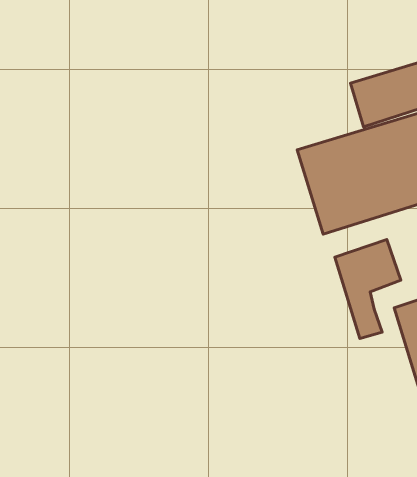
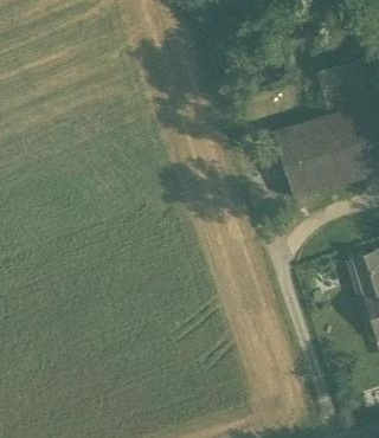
building: [335,239,401,339] -> none

